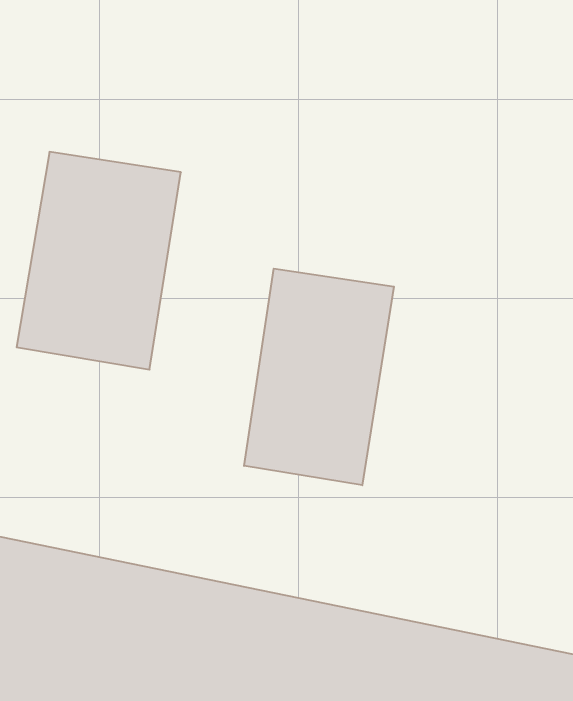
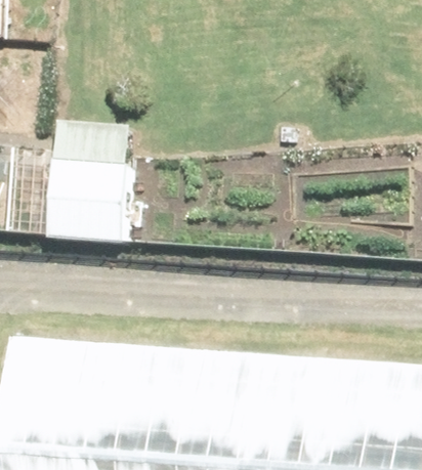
building: [244,269,394,485] -> none

